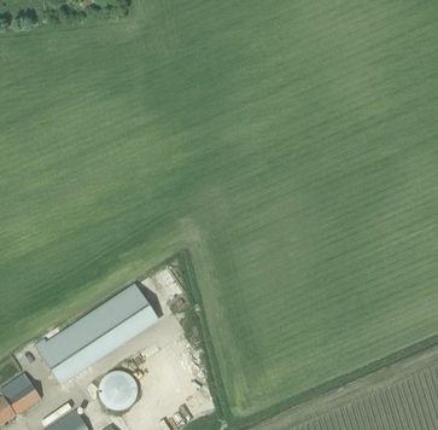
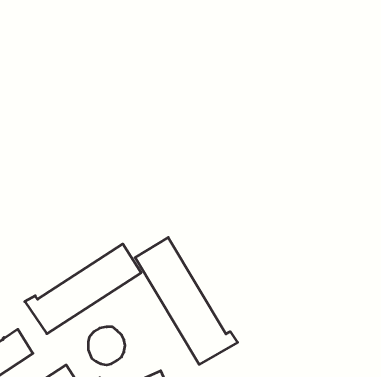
building: none -> [135,237,238,364]

